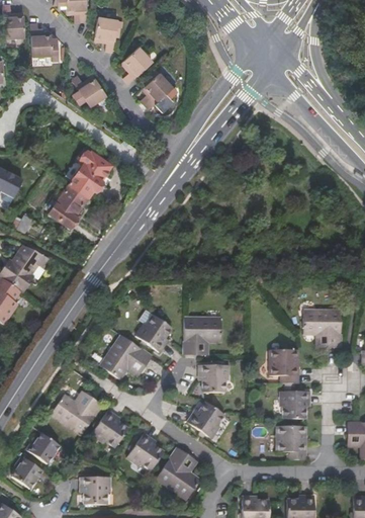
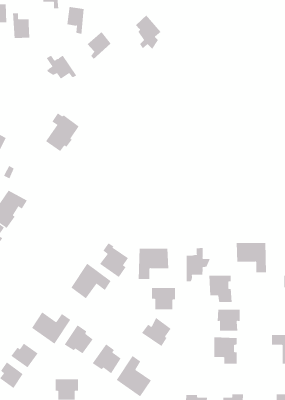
building: [140,69,172,112] -> [135,15,161,50]
building: [48,184,88,228] -> none
building: none -> [186,247,211,282]

